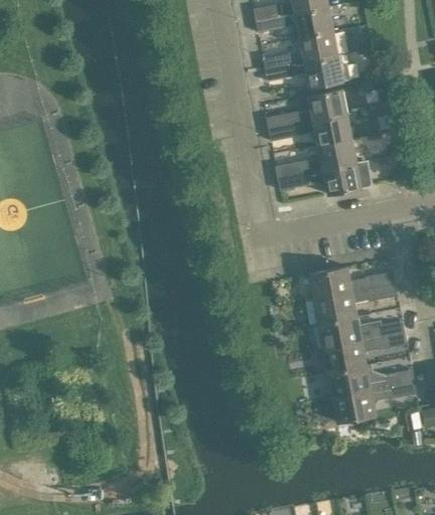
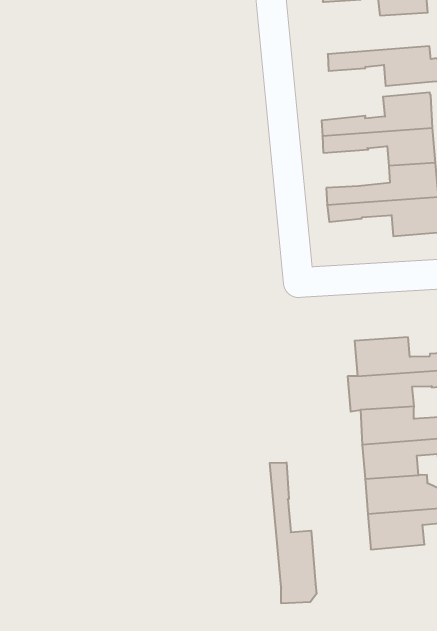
building: [263,31,338,69] -> none
building: none -> [270,462,316,603]

